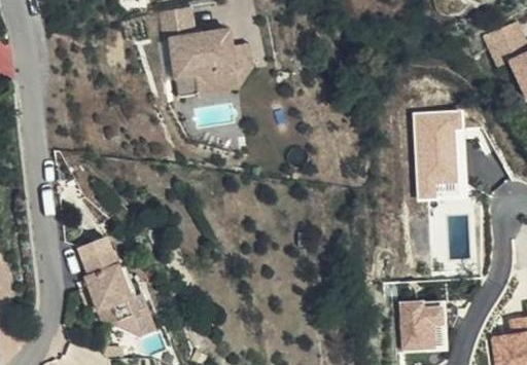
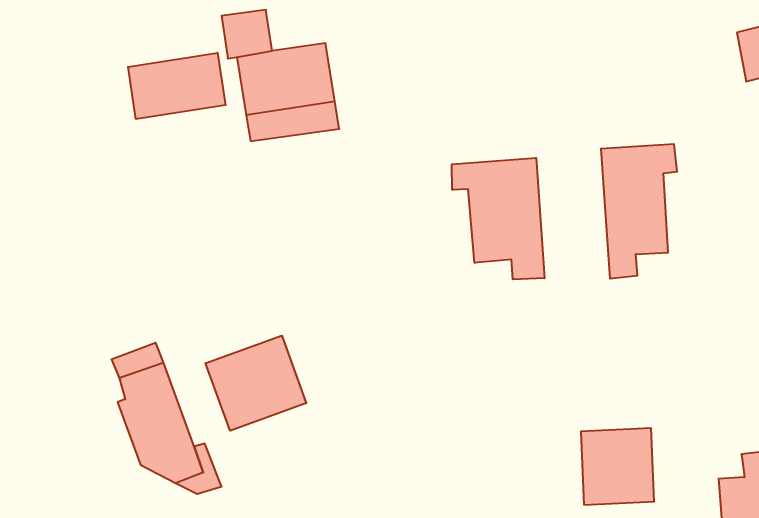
building: none -> [128,53,226,119]
building: none -> [452,158,545,279]
building: none -> [206,336,306,431]

